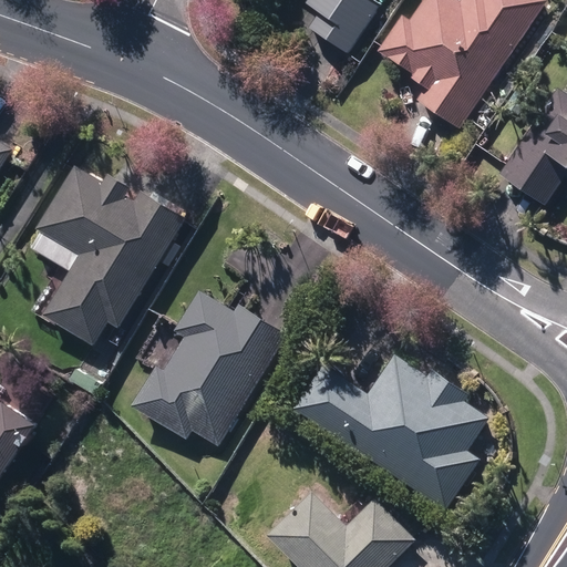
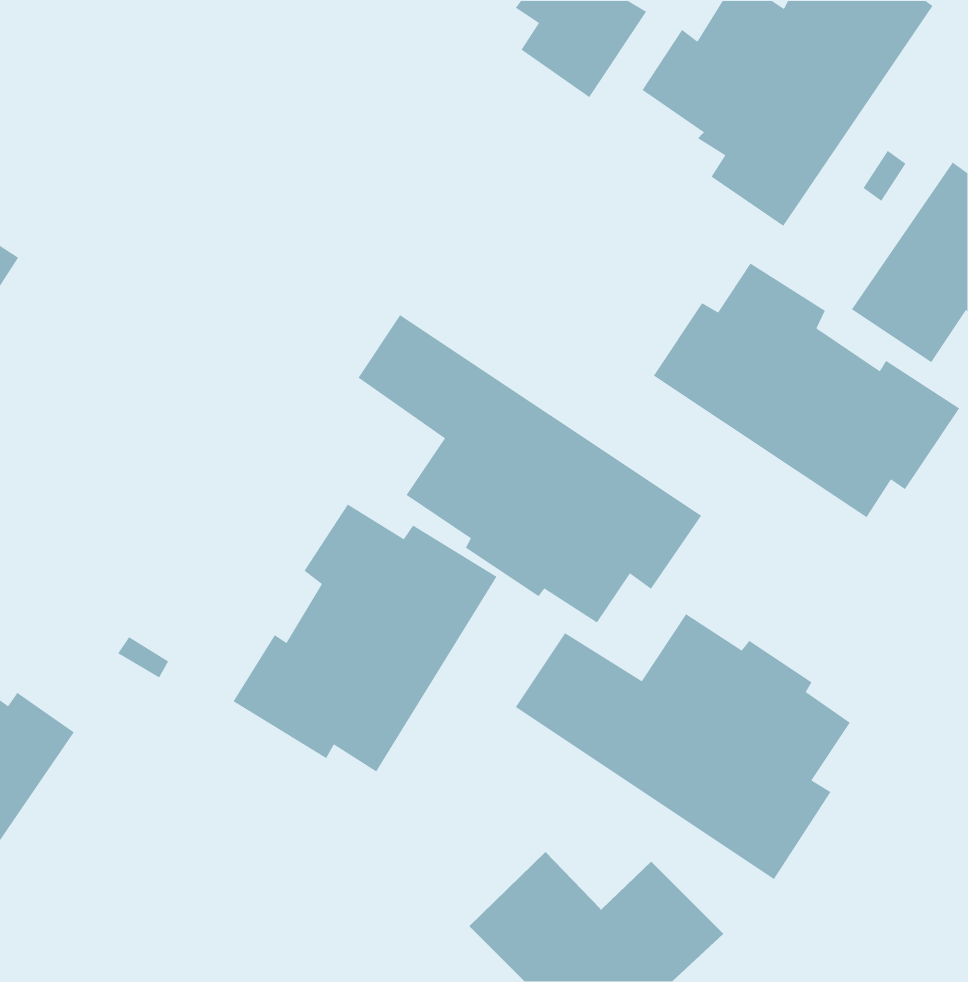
building: none -> [653,262,960,518]
building: [39,167,184,346] -> none
building: none -> [357,314,702,624]

